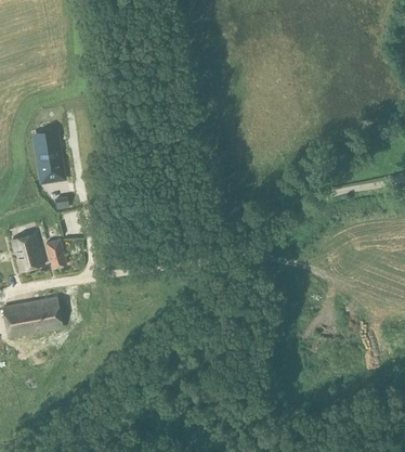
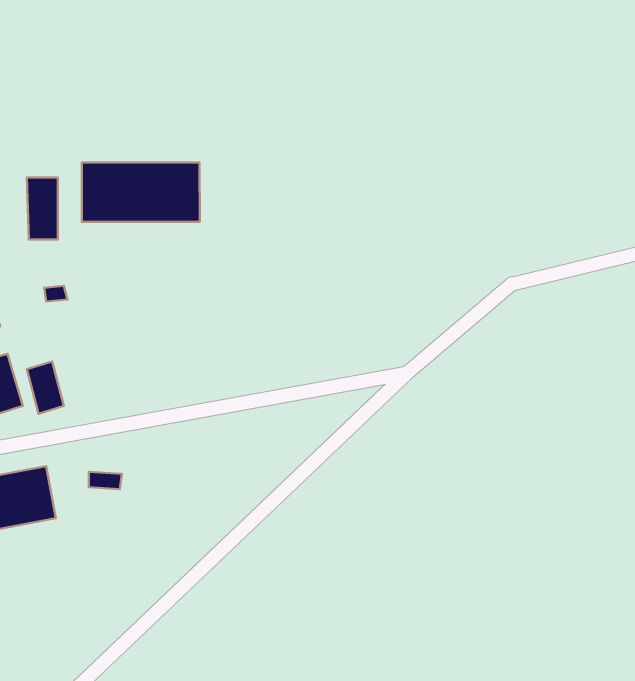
building: none -> [82,162,200,222]

